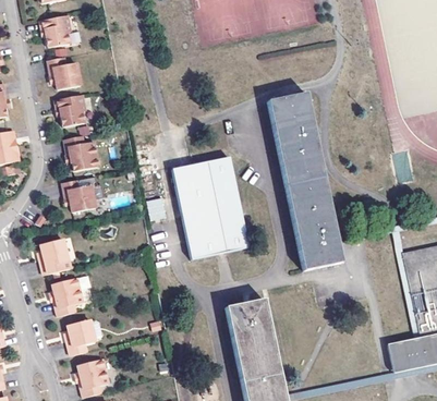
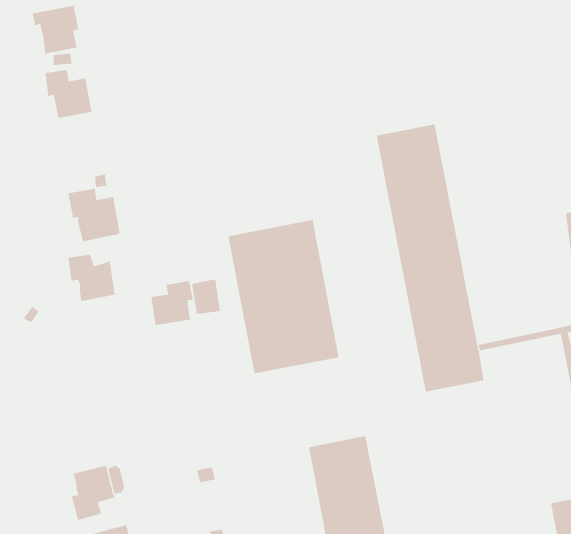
building: [57,94,87,126] -> none
building: none -> [150,280,194,326]
building: [41,238,72,274] -> none
building: [53,274,93,315] -> none

